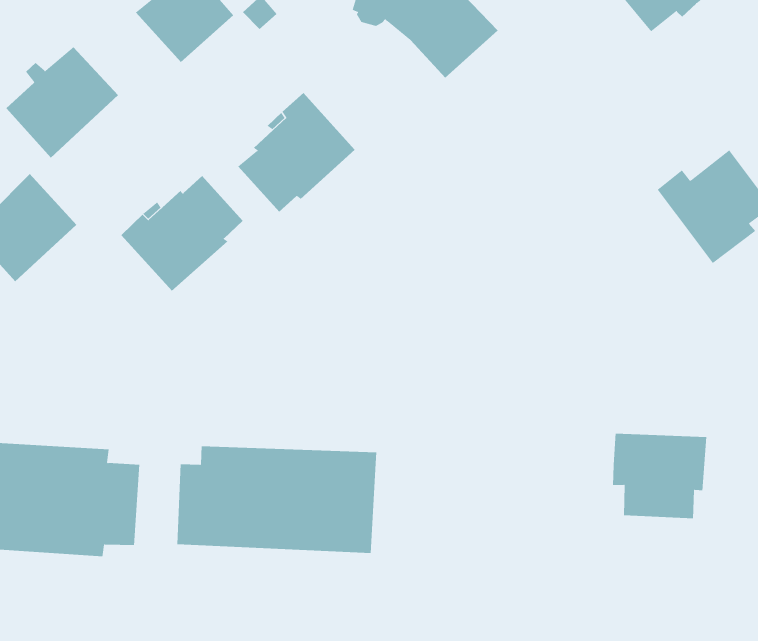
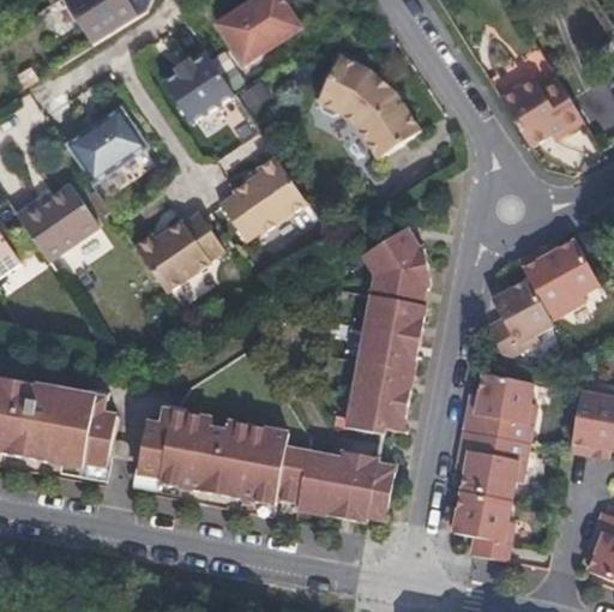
building: none -> [345,216,433,428]
building: none -> [486,283,553,362]
building: none -> [463,377,536,446]
building: none -> [276,436,401,514]
building: none -> [445,494,513,564]

